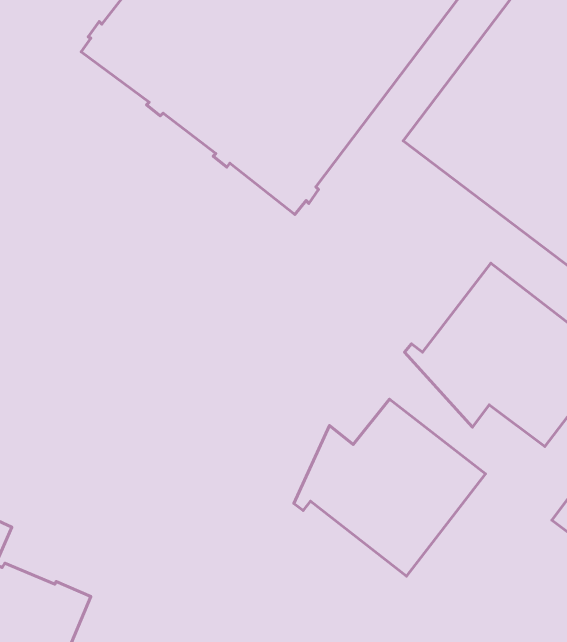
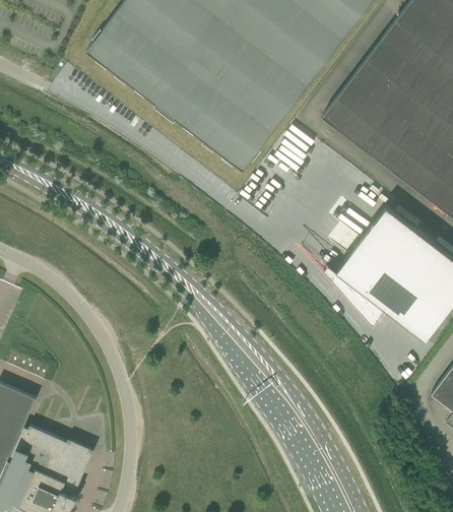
building: [294,399,485,576] -> none

